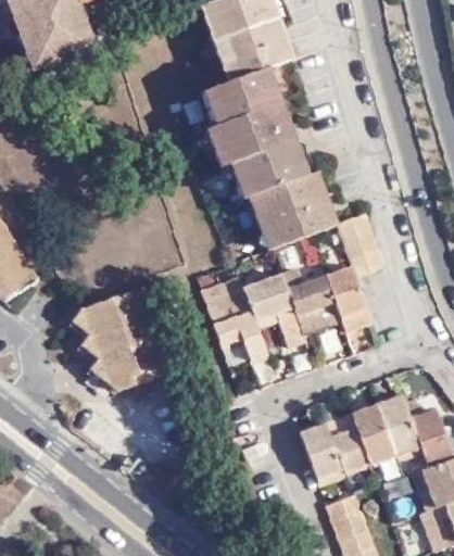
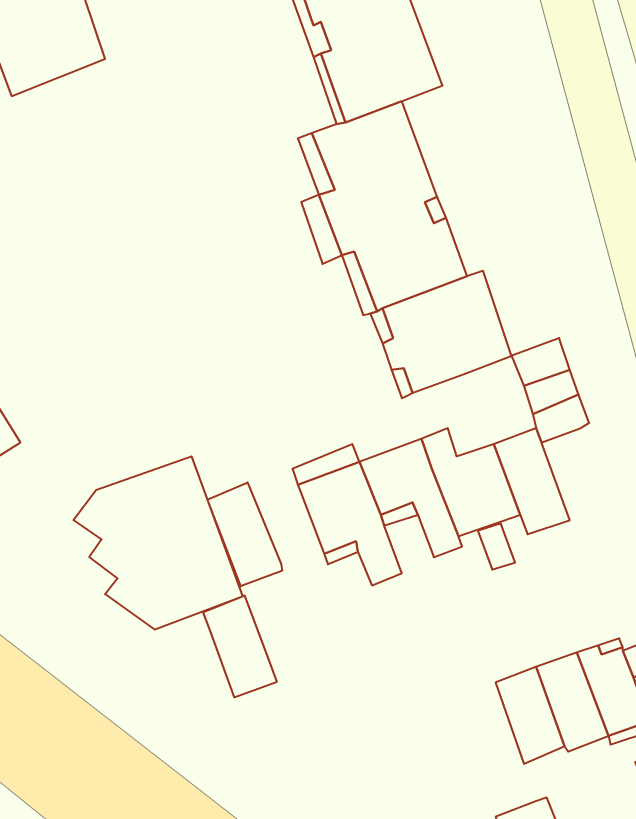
building: none -> [207,482,282,586]
building: none -> [203,595,277,697]
building: [301,424,344,482] -> none

